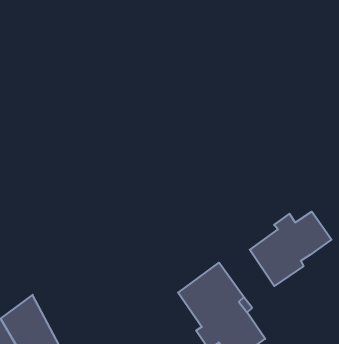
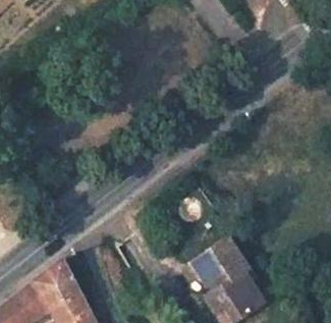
building: [250,212,331,286] -> none

